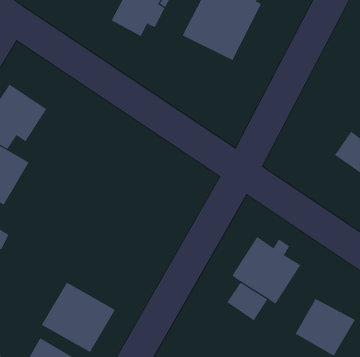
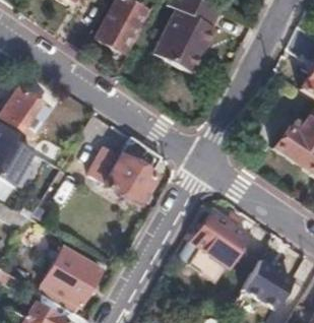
building: none -> [86,136,161,204]

